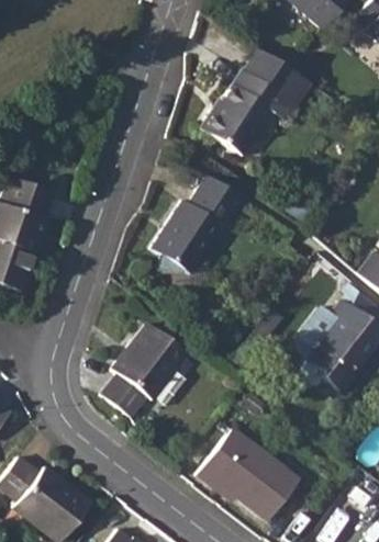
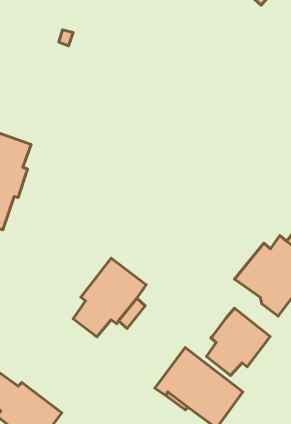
building: [202,49,312,155] -> none
building: [153,190,235,273] -> none
building: none -> [206,308,270,375]

